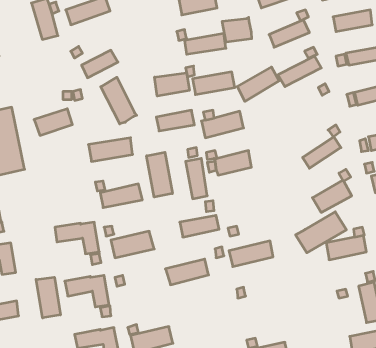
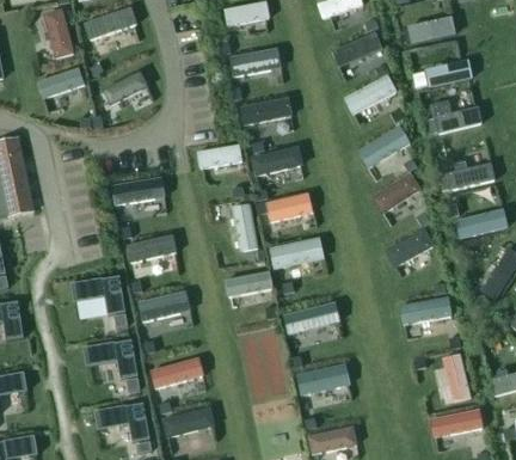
building: [222,17,252,42] -> none
building: [237,67,279,101] -> [357,125,408,167]
building: [155,73,189,96] -> none
building: [101,77,137,124] -> none
building: [34,109,72,135] -> [38,66,85,98]
building: [147,152,172,197] -> none
building: none -> [270,238,322,268]
building: [296,212,346,253] -> none
building: [165,259,209,285] -> [152,356,204,387]
building: [36,277,60,318] -> none
building: none -> [296,362,349,394]

